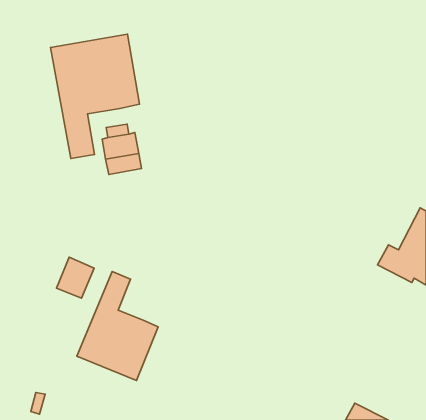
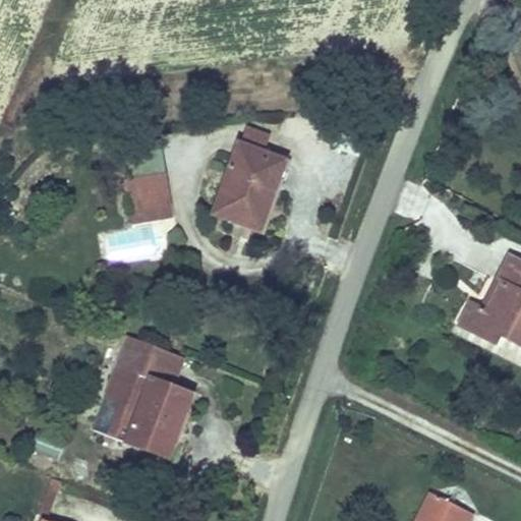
building: [51,34,140,159] -> none
building: none -> [211,139,287,233]
building: [56,257,94,298] -> [143,339,189,389]

